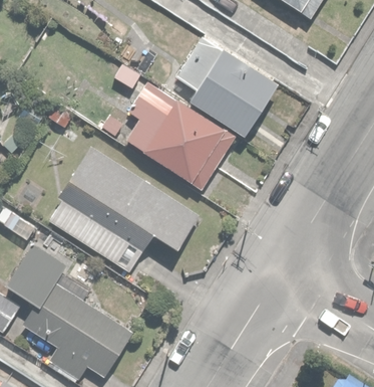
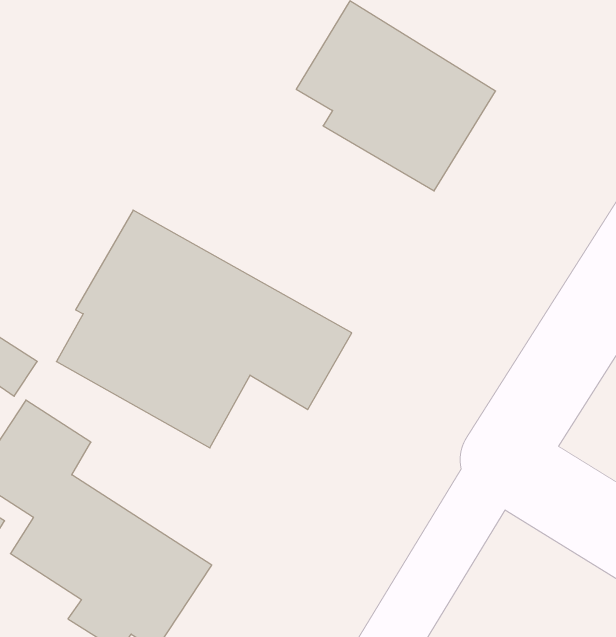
building: [126,82,234,188] -> none

